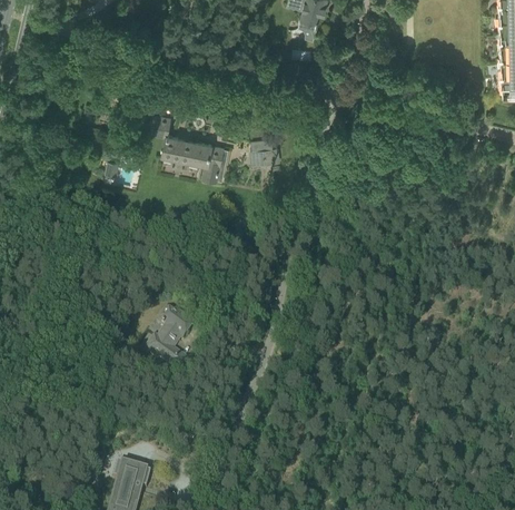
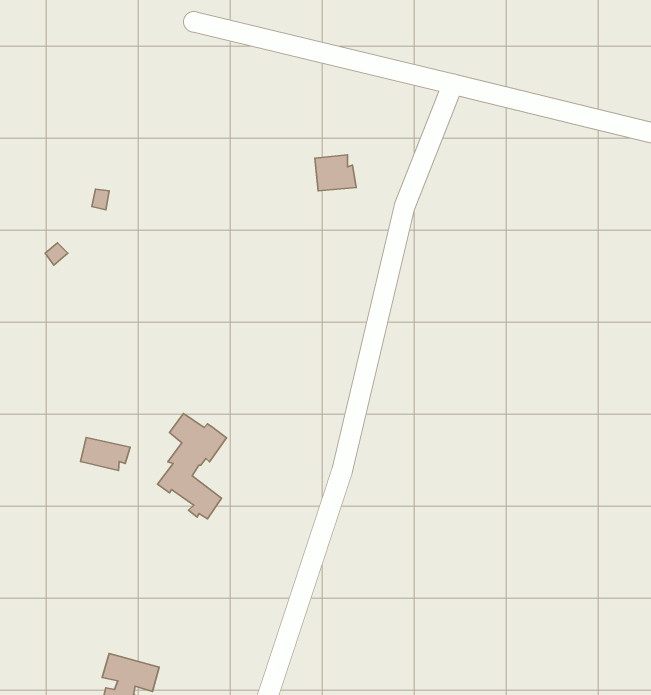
building: [148,115,222,180] -> none
building: none -> [80,437,130,471]

